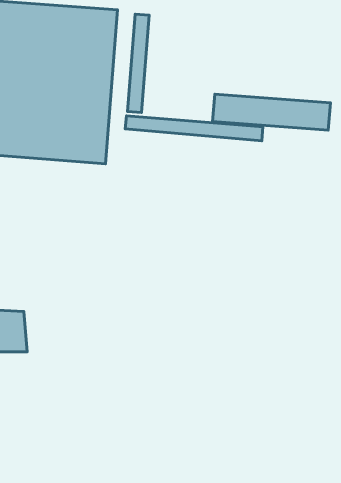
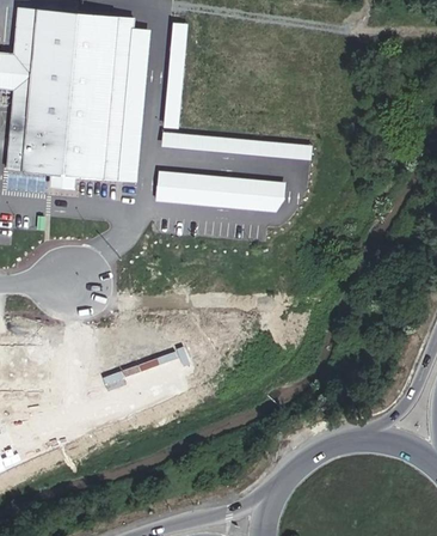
building: [213,94,330,130] -> [153,170,282,209]

